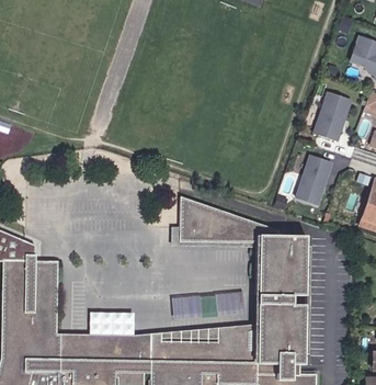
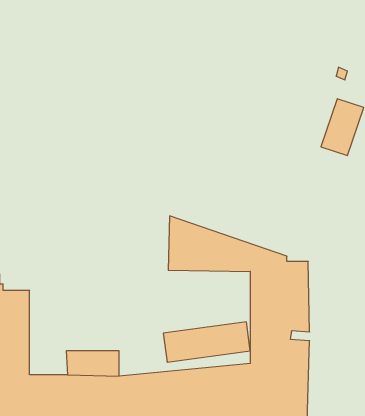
building: [295,151,332,201] -> none

